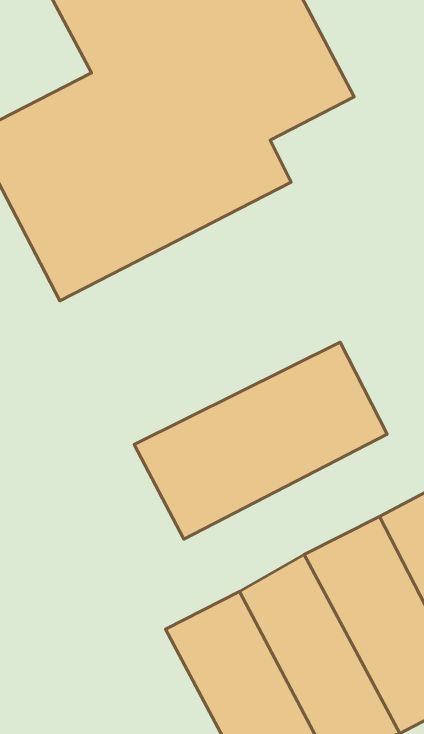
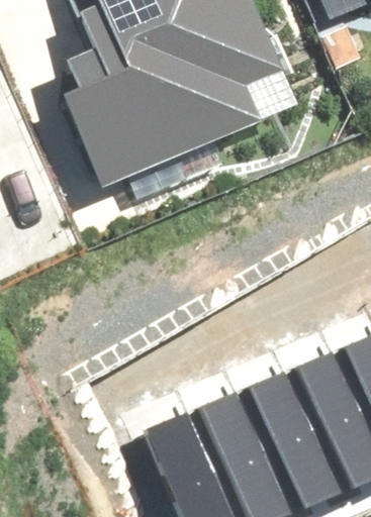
building: [134,342,387,539] -> none

